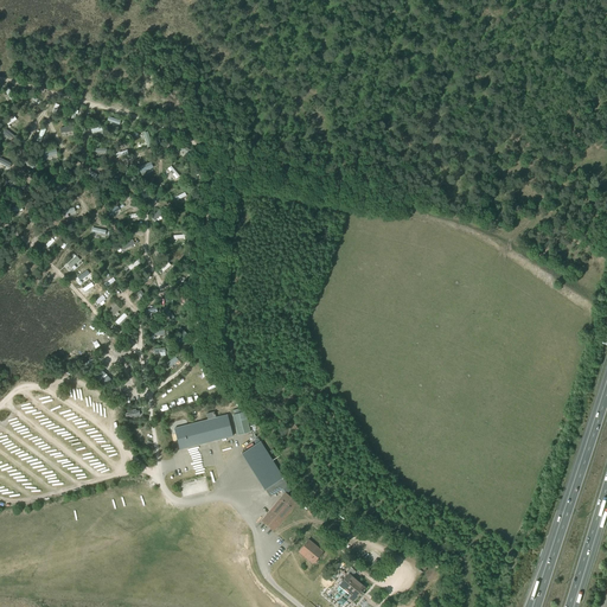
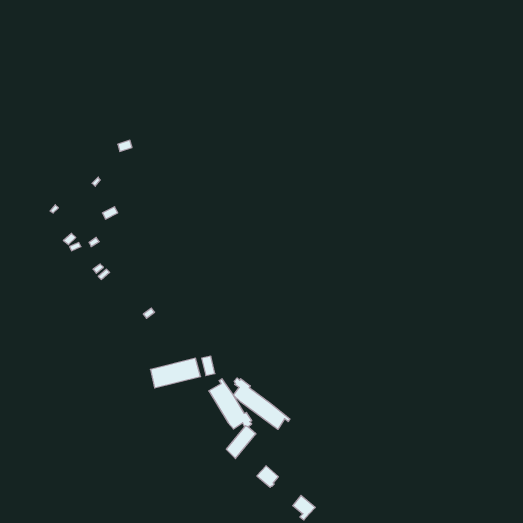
building: none -> [234,378,290,429]

